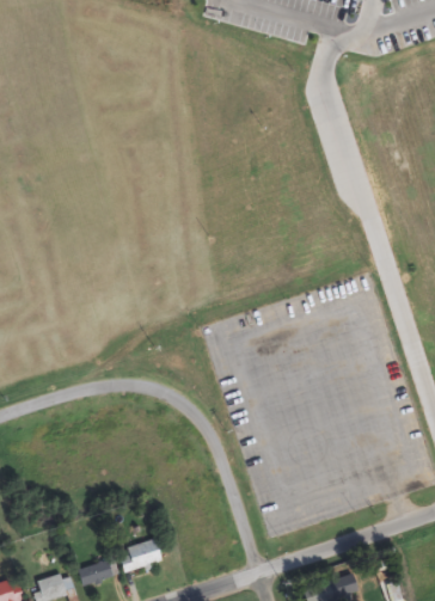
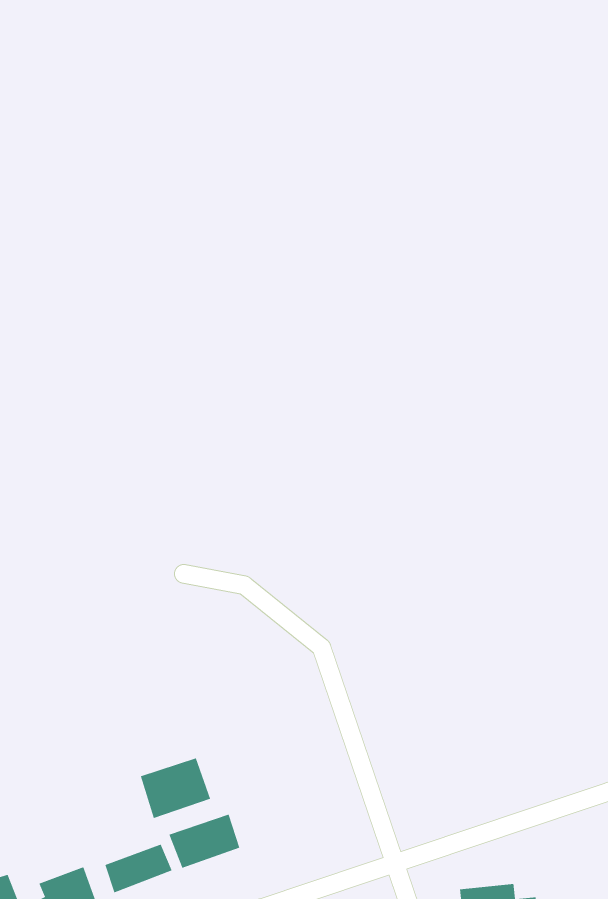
building: none -> [140,757,211,819]

